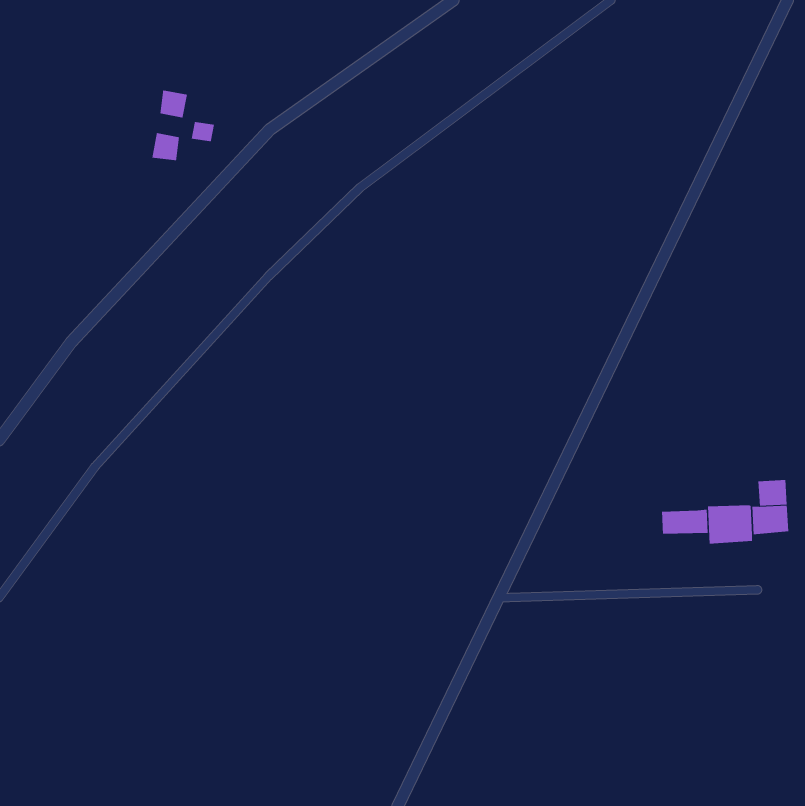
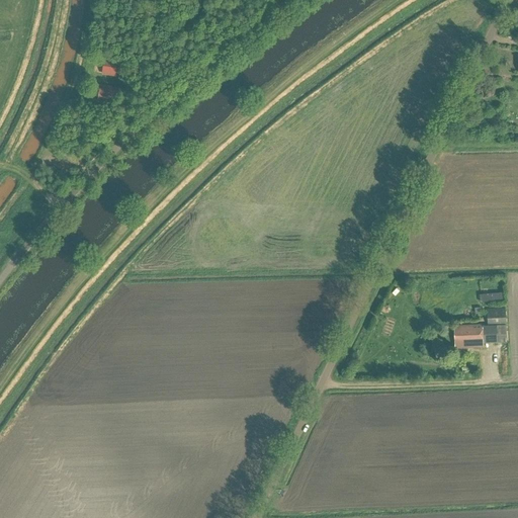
building: [661,509,708,534] -> none

